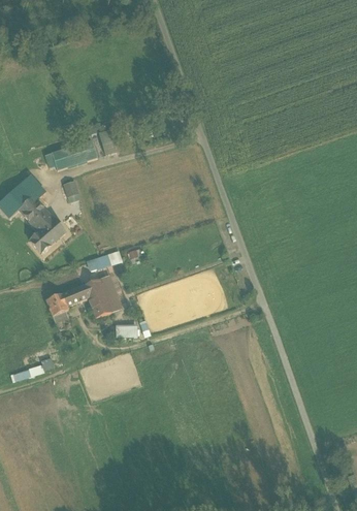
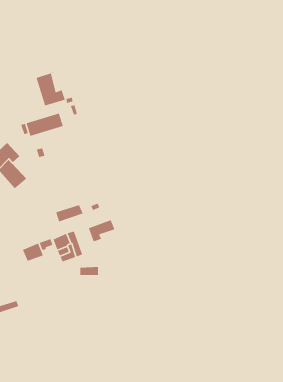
building: none -> [36,71,66,107]
building: [30,219,65,254] -> none
building: none -> [88,219,116,243]

